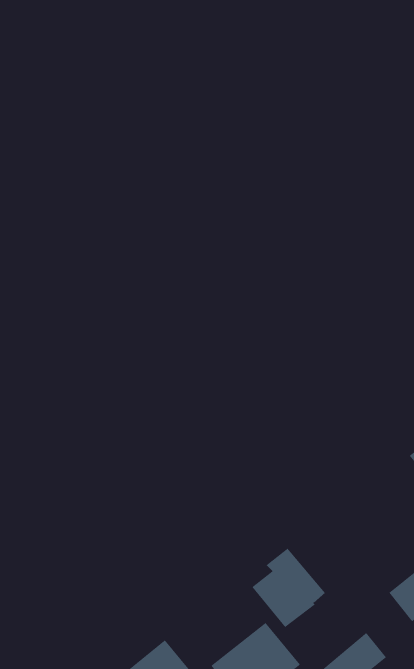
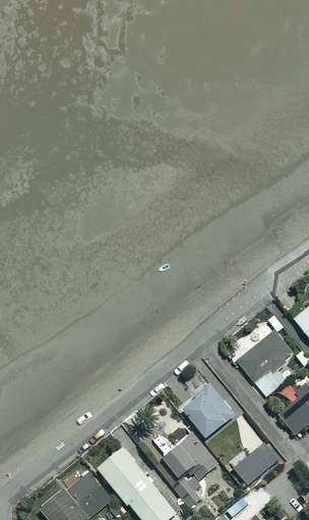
building: none -> [235,329,292,396]

